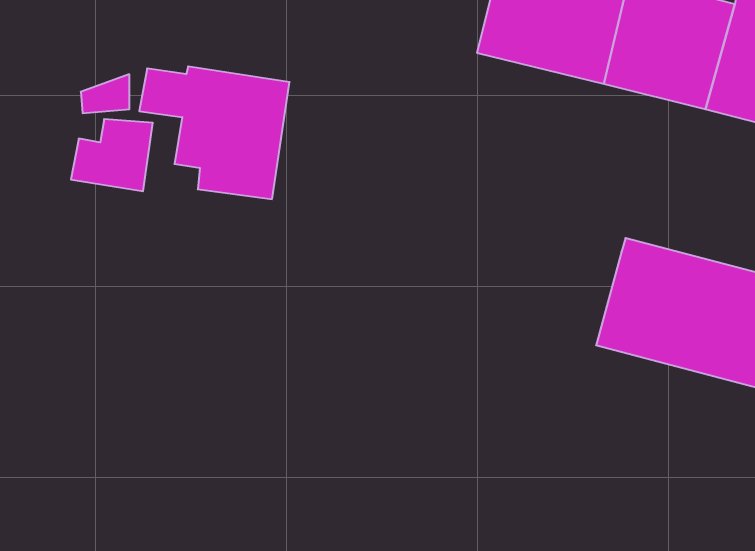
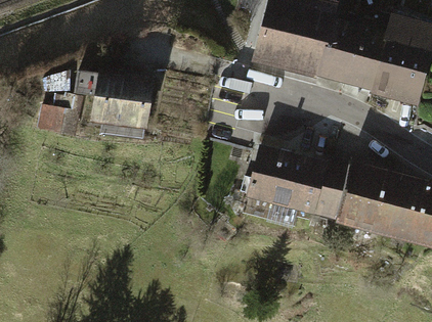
building: none -> [248,145,328,213]

